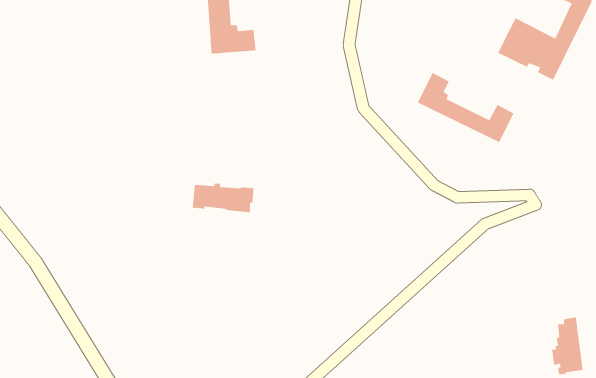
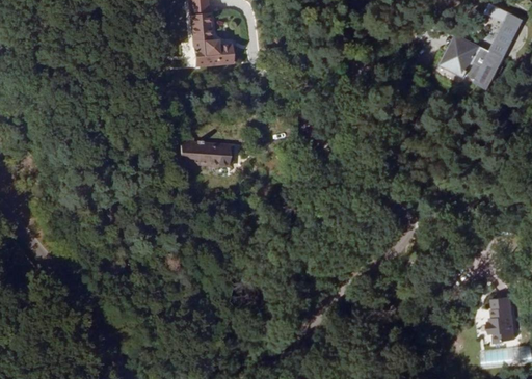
building: [417,72,514,143] -> none
building: [192,183,254,213] -> [177,140,231,166]

